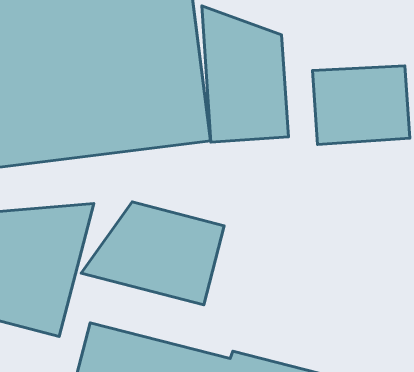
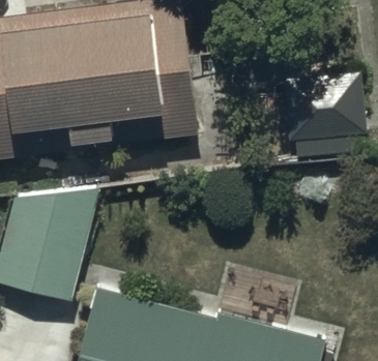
building: [202,6,288,142] -> none
building: [81,202,224,305] -> none

